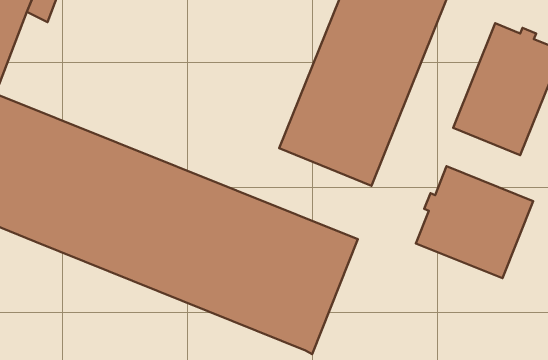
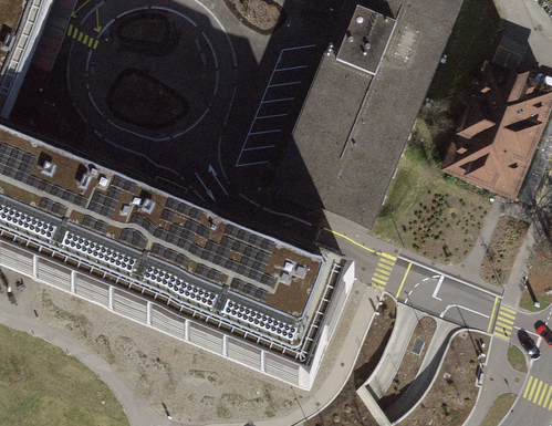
building: [416,166,533,278] -> none

